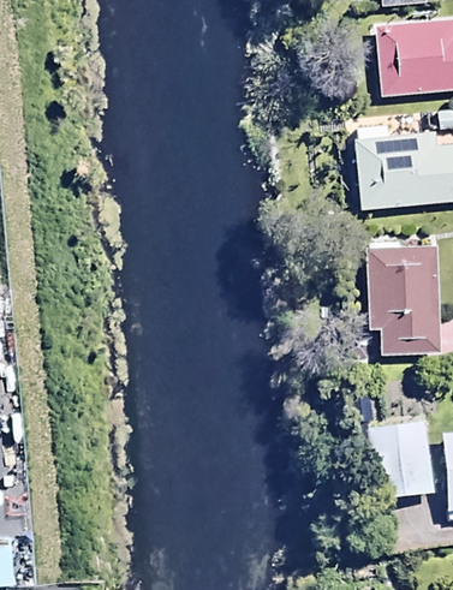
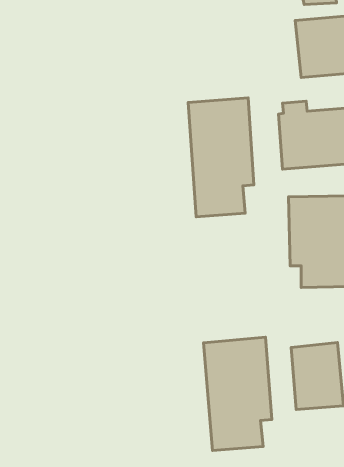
building: none -> [188,98,254,217]
building: none -> [204,337,272,451]

